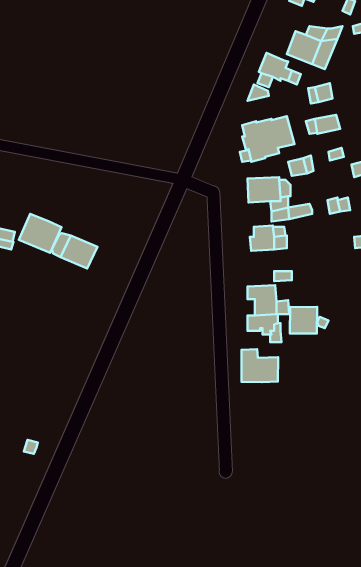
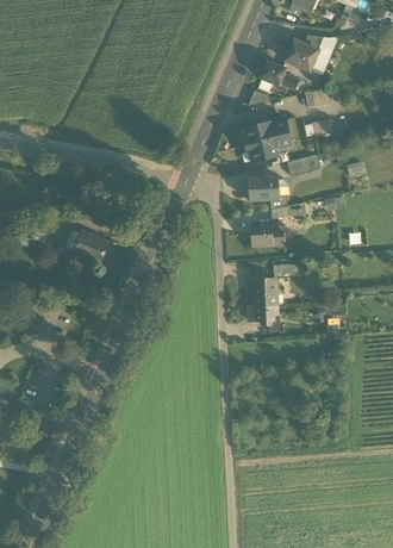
building: [19,214,61,253] -> none
building: [290,307,317,334] -> none
building: [241,349,278,382] -> none

